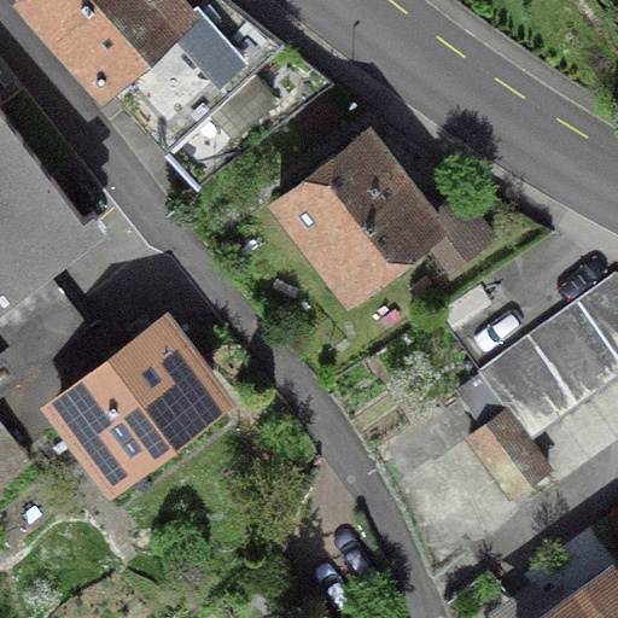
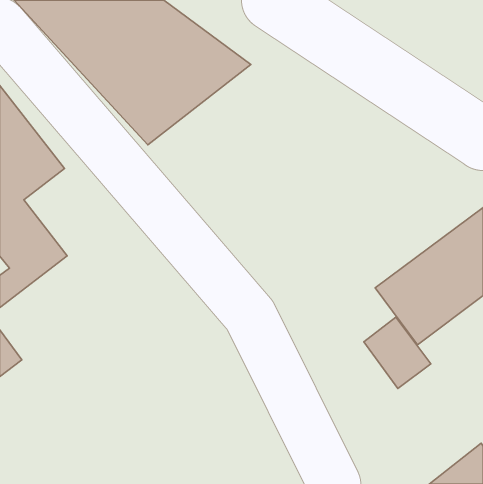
building: [273,130,490,311] -> none
building: [59,328,209,480] -> none

